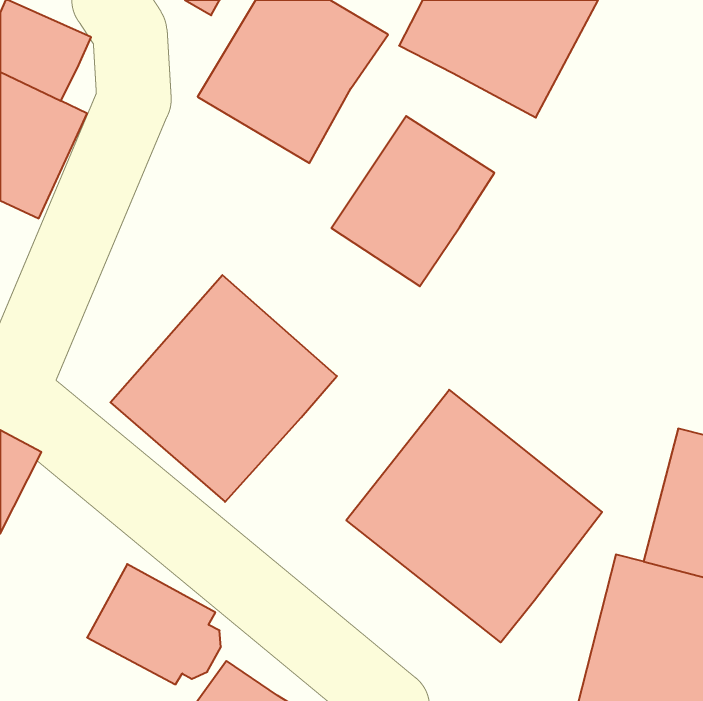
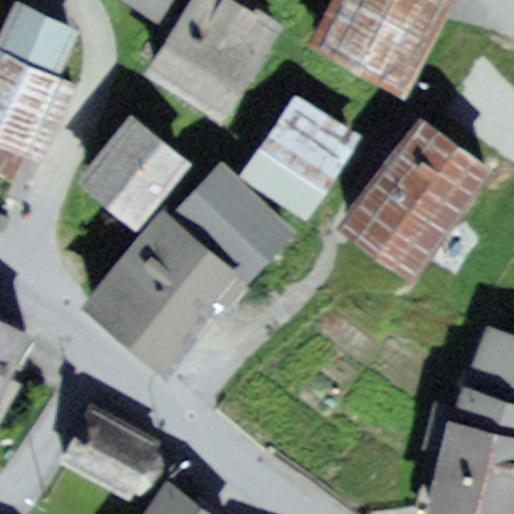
building: none -> [339,111,501,280]
building: none -> [76,119,182,227]
building: none -> [174,155,294,274]
building: [346,390,602,642] -> none

